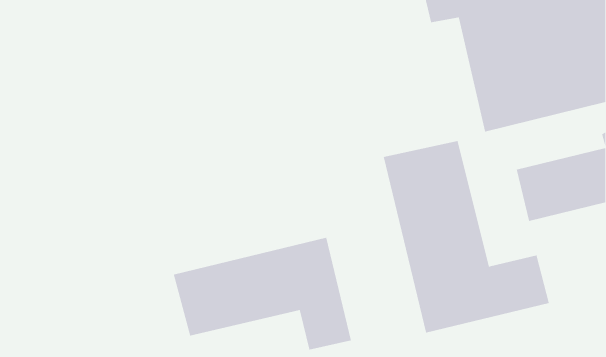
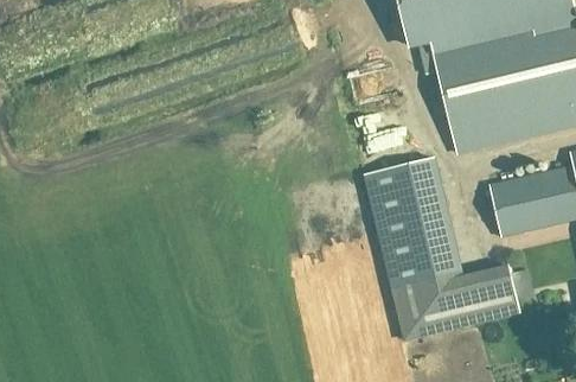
building: [173,237,352,351] -> none

